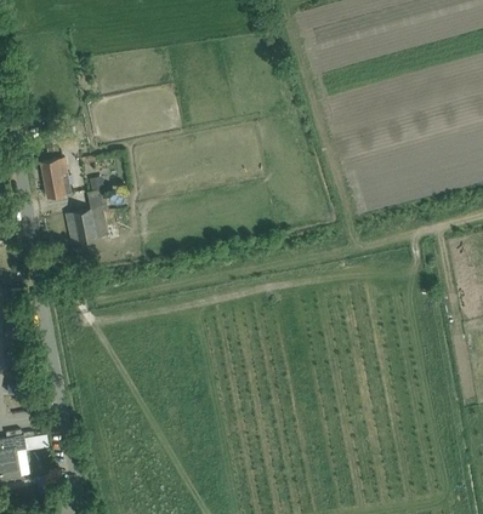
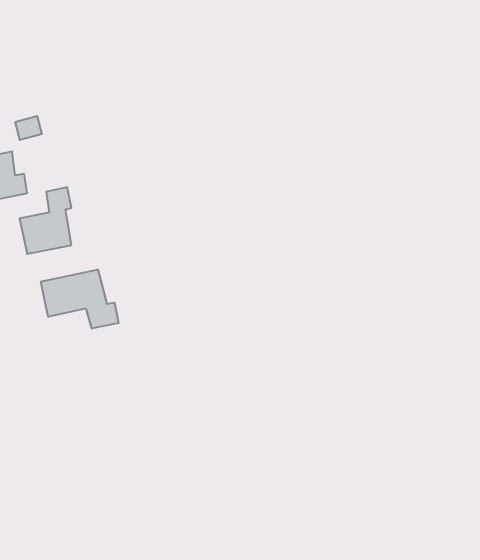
building: none -> [41,269,119,329]

